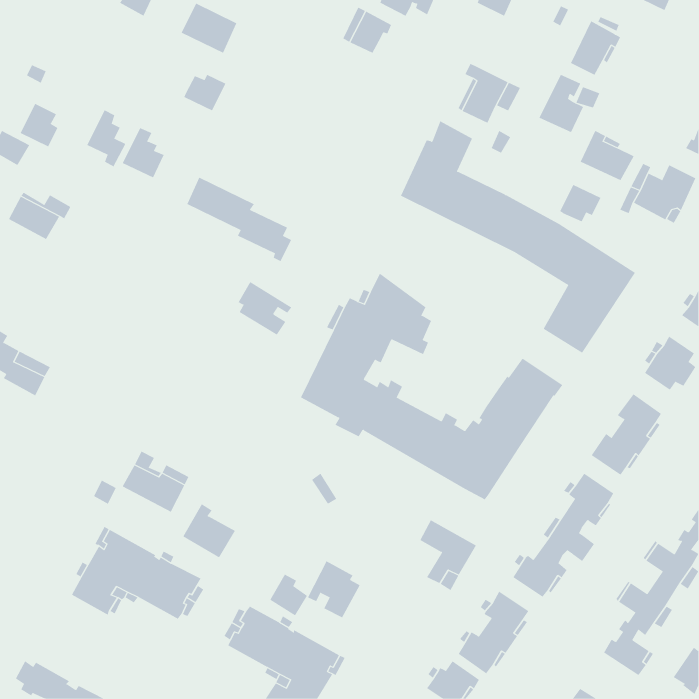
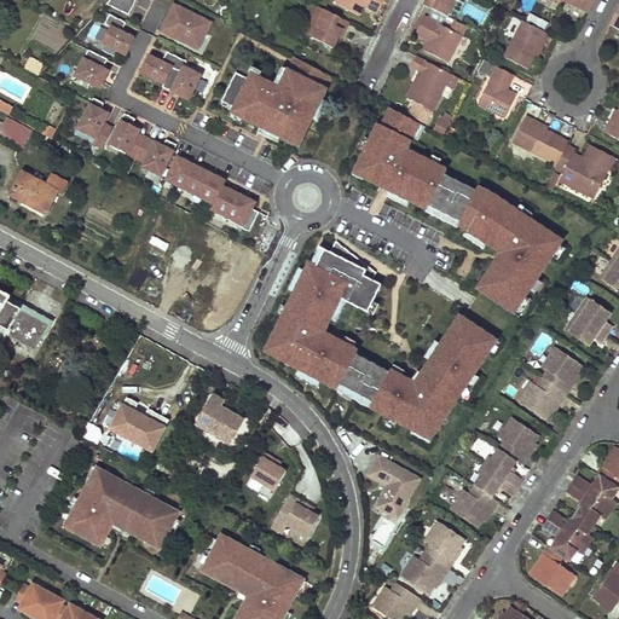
building: none -> [100,13,133,53]
building: none -> [412,15,459,60]
building: none -> [139,50,185,82]
building: none -> [220,56,331,145]
building: [20,103,58,147] -> [74,48,108,87]
building: none -> [135,137,175,175]
building: [559,184,601,222] -> none
building: [238,281,292,335] -> none
building: [182,504,236,558] -> [195,395,242,444]
building: [270,574,308,616] -> [250,453,284,491]

